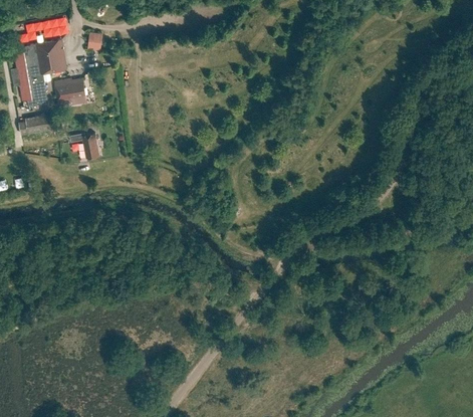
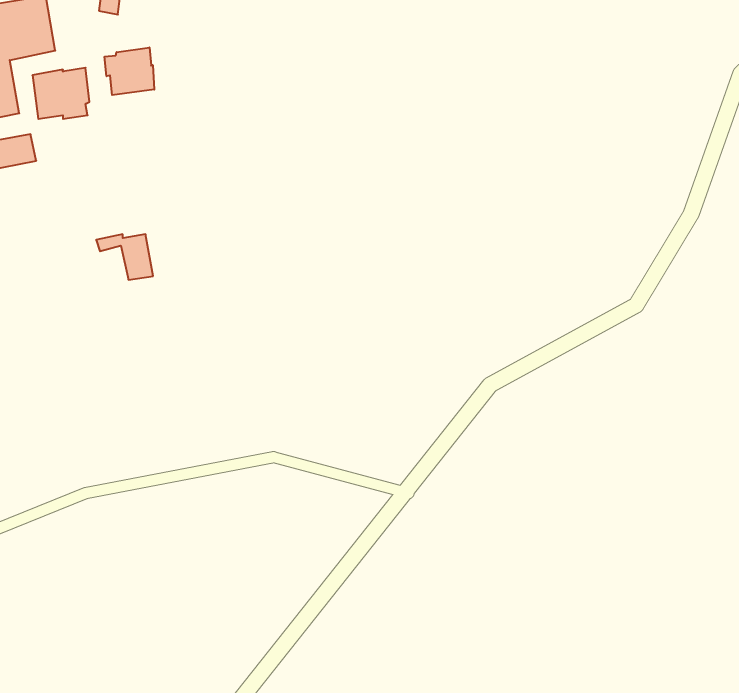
building: none -> [105,47,154,95]
building: [68,134,98,158] -> [96,234,153,280]

